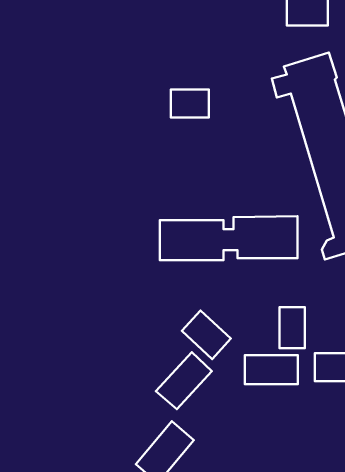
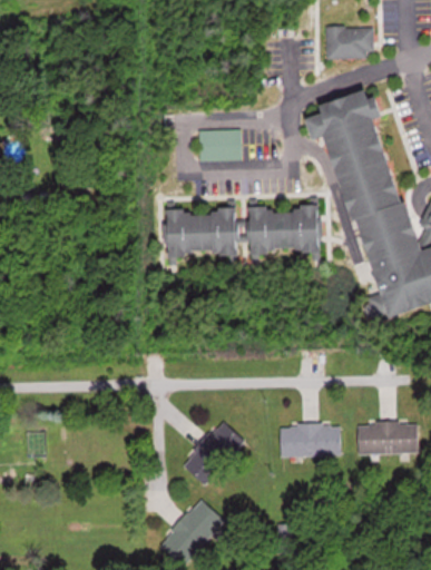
building: [160,216,298,260] -> [166,206,320,255]
building: [279,307,305,348] -> none
building: [182,310,231,359] -> none

